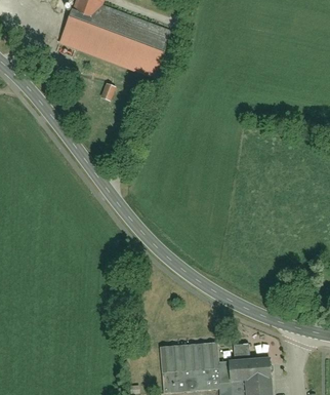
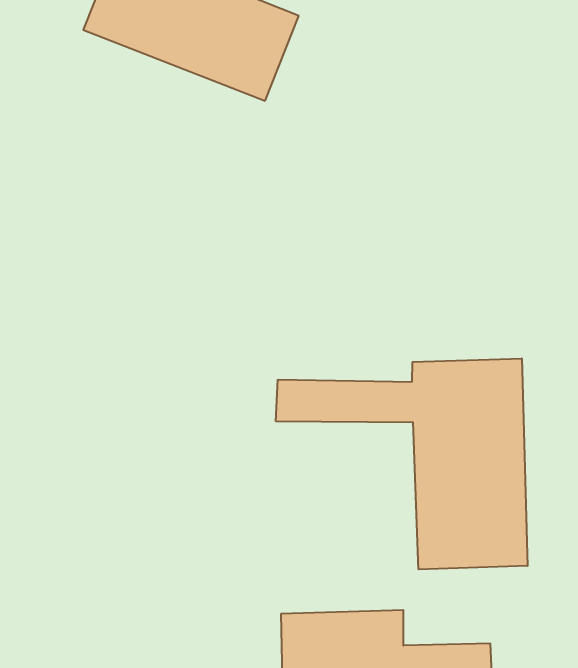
building: none -> [276,358,528,569]

